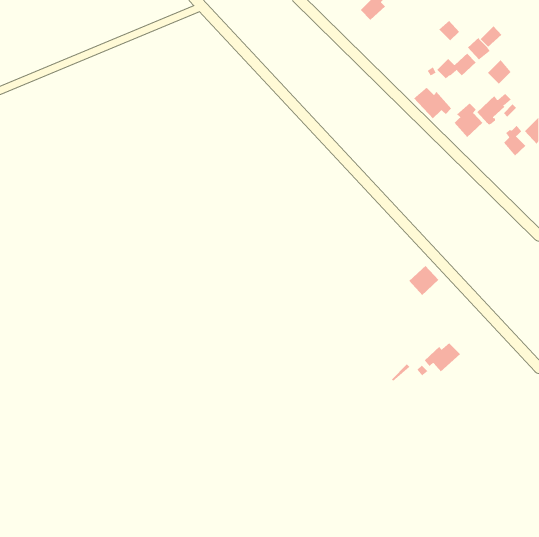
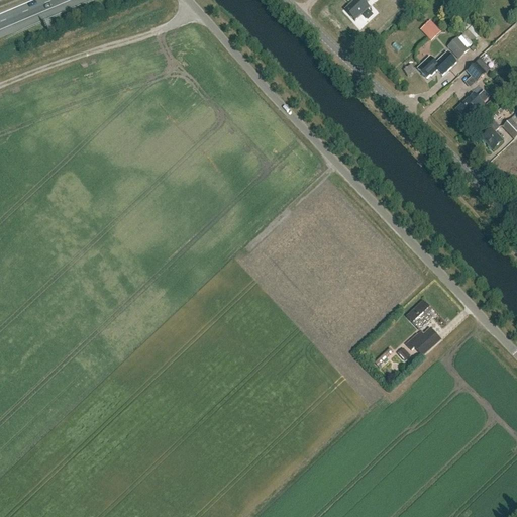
building: [413,87,452,119] -> none
building: [454,102,483,138] -> none
building: [409,265,439,296] -> [406,300,435,329]

